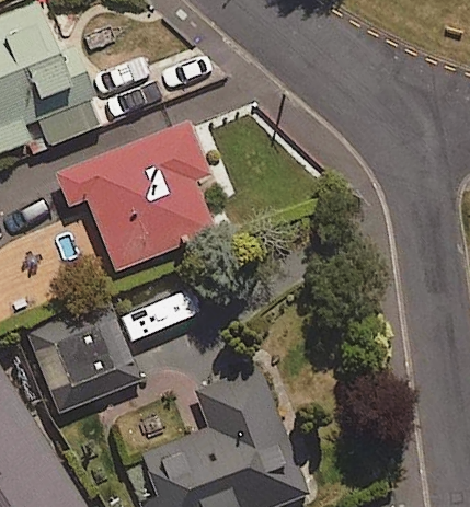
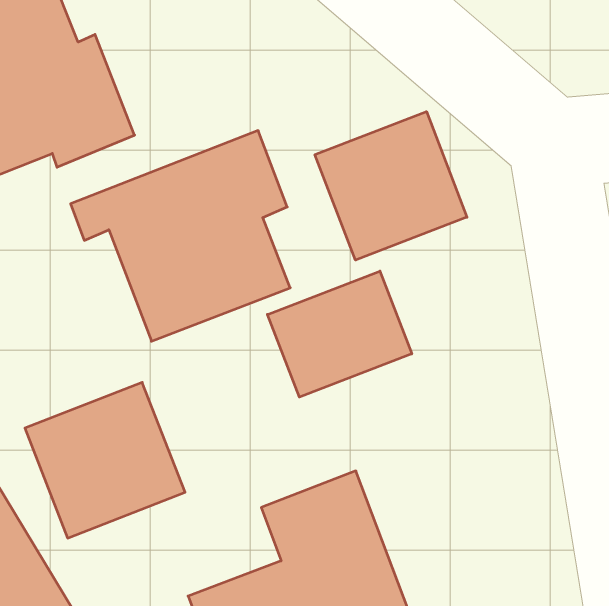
building: none -> [315,112,467,260]
building: none -> [267,271,412,397]

